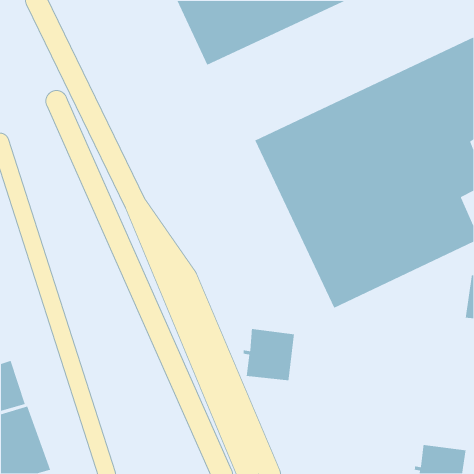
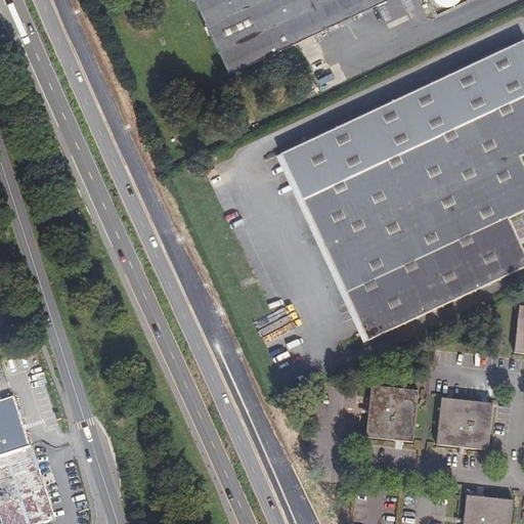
building: [243,328,295,381] -> [362,381,420,439]
building: none -> [437,394,494,452]

